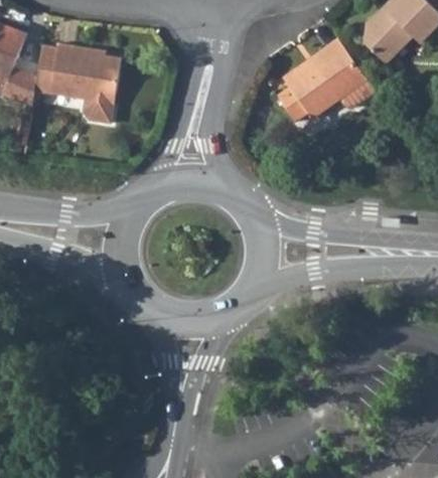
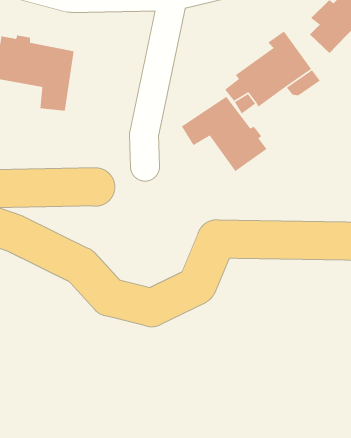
building: none -> [181,96,267,172]

